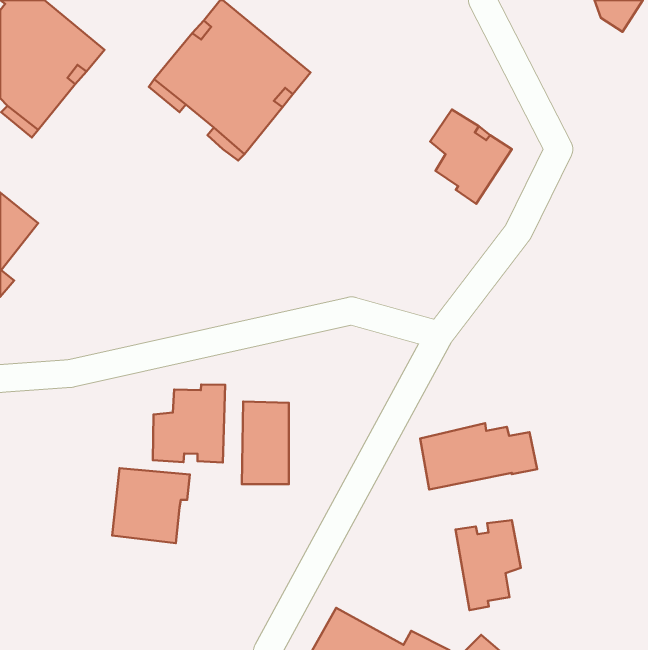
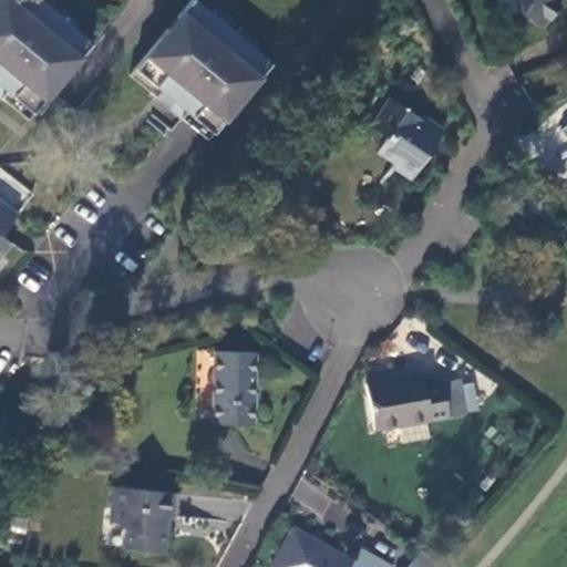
building: [153,385,225,462] -> none
building: [112,468,190,543] -> [109,491,176,556]
building: [456,520,521,610] -> none

